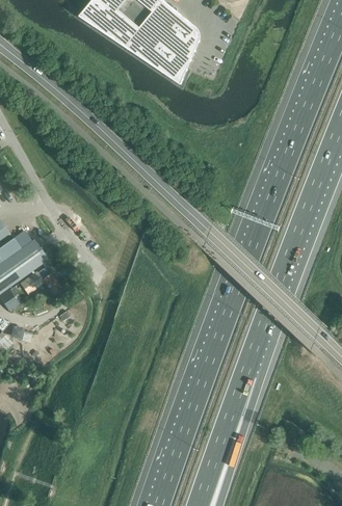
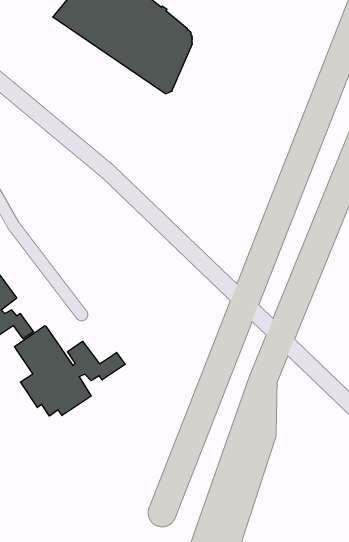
building: none -> [15,326,125,416]

